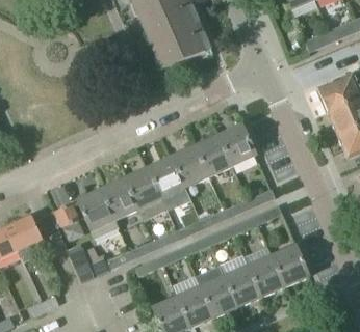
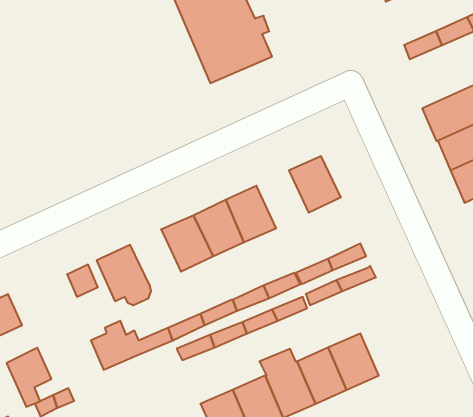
building: [196,134,234,176] -> none
building: [102,177,139,219] -> none
building: [11,214,45,257] -> [7,348,51,407]
building: [273,244,311,285] -> none

